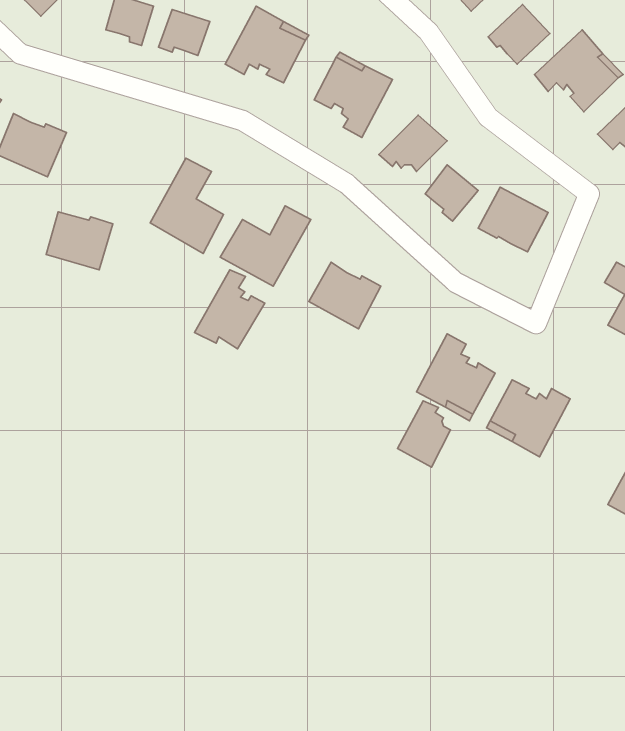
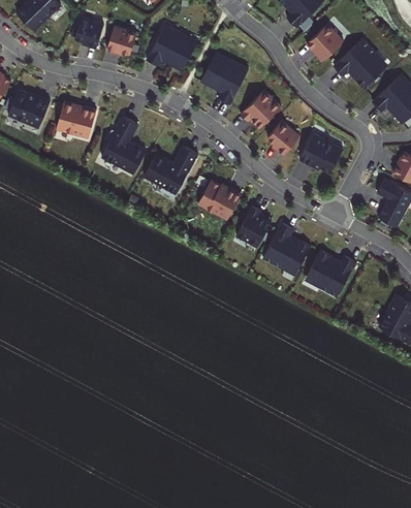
building: [46,212,113,270] -> [57,102,97,137]
building: [195,270,265,349] -> none
building: [398,401,450,467] -> [236,205,268,246]

